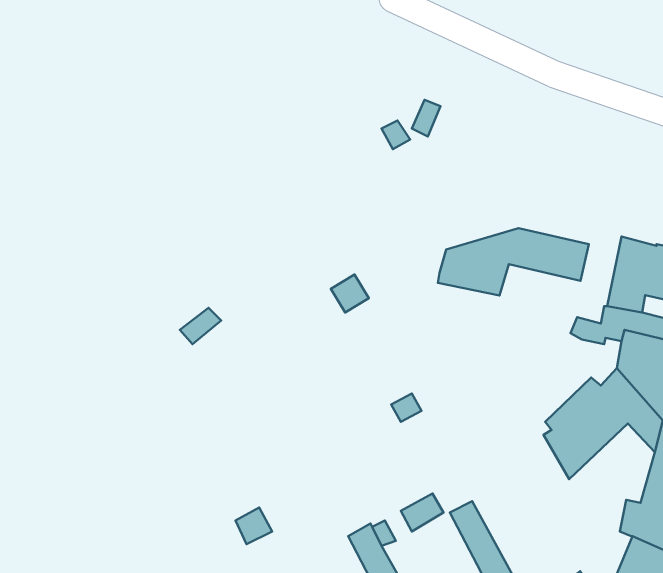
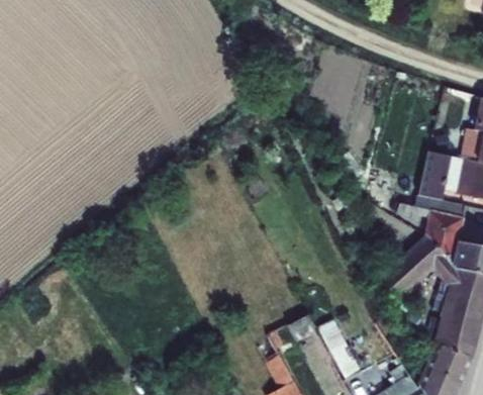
building: [438,228,589,295] -> none

